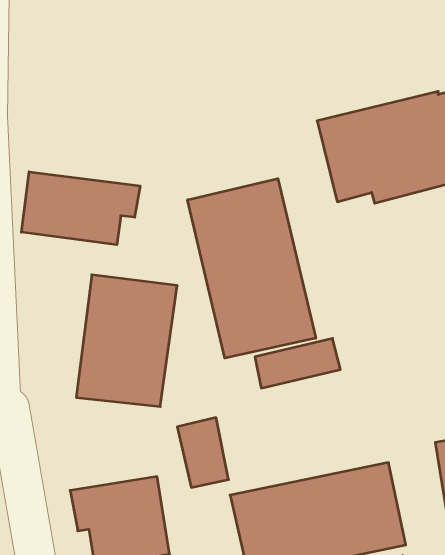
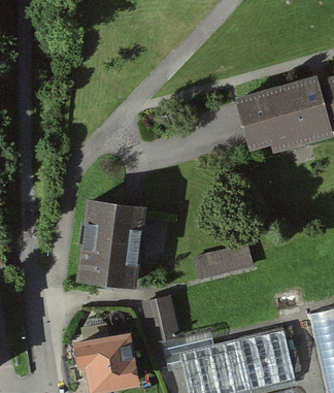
building: [21,172,140,245] -> none
building: [188,179,316,358] -> none

